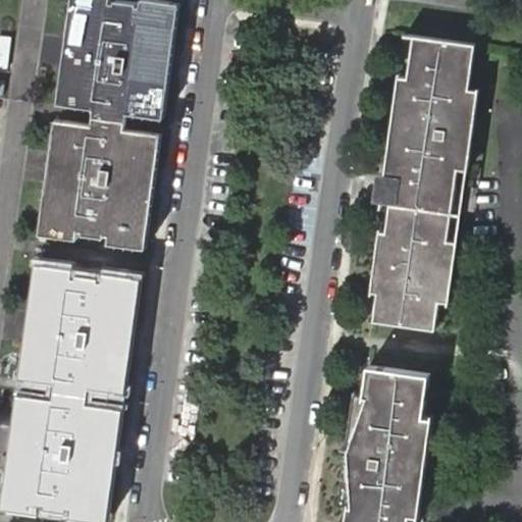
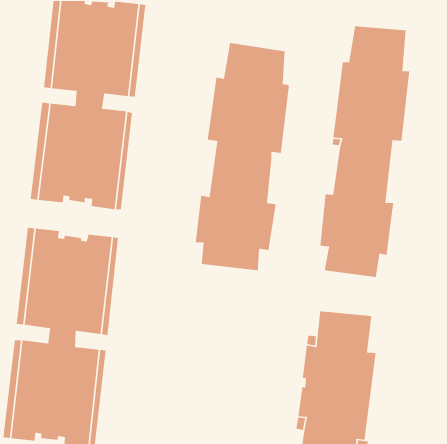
building: none -> [195,42,290,271]

